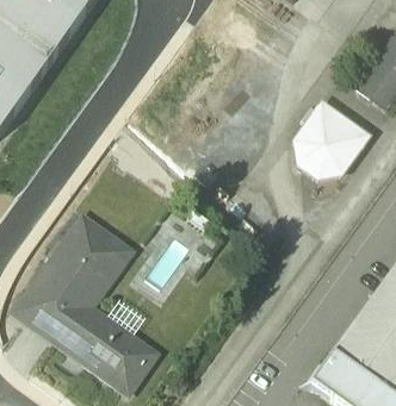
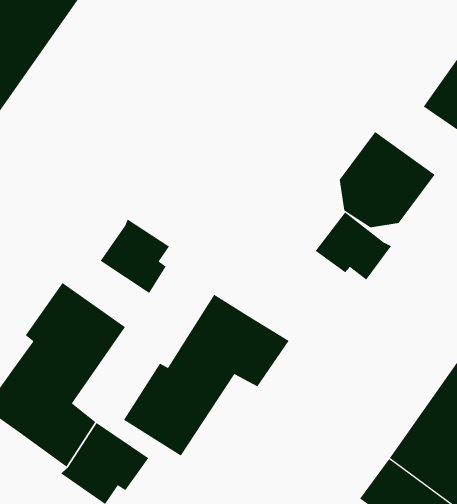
building: none -> [315,212,392,280]
building: none -> [100,218,170,294]
building: none -> [123,294,290,456]

